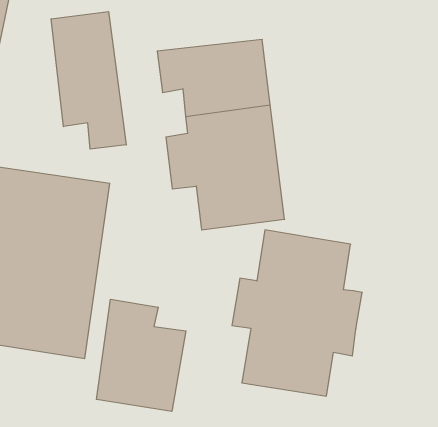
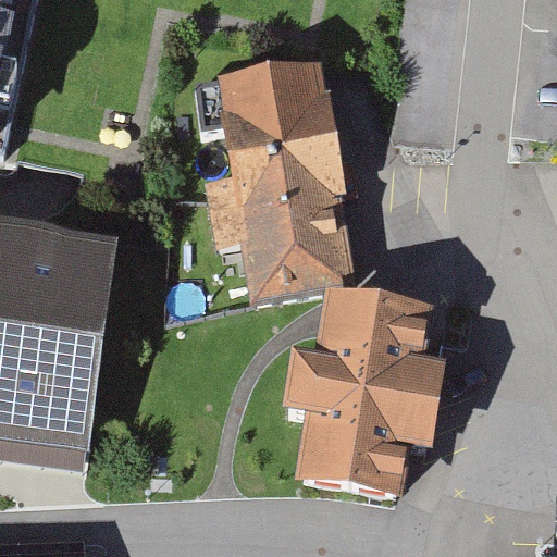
building: [51,12,126,149] -> none
building: [96,299,186,411] -> none

